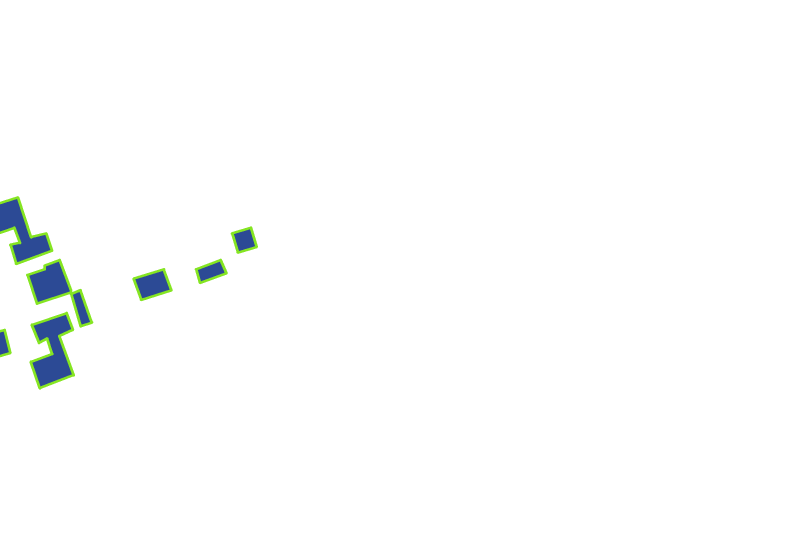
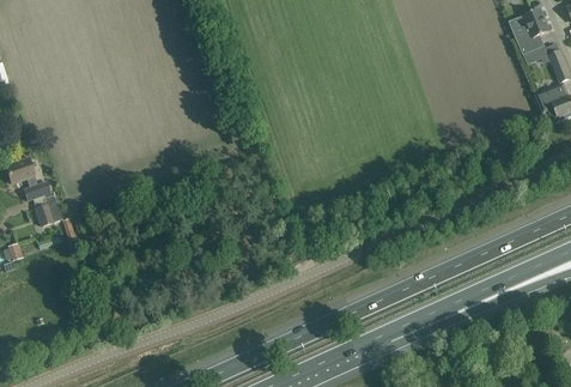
building: [31,313,74,388] -> none

